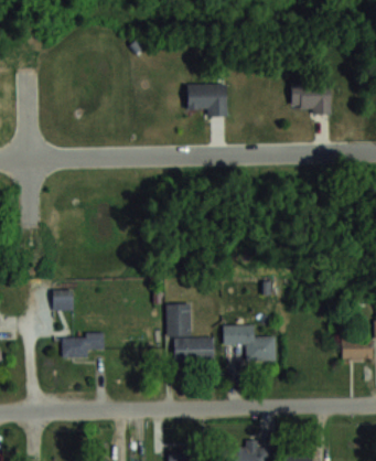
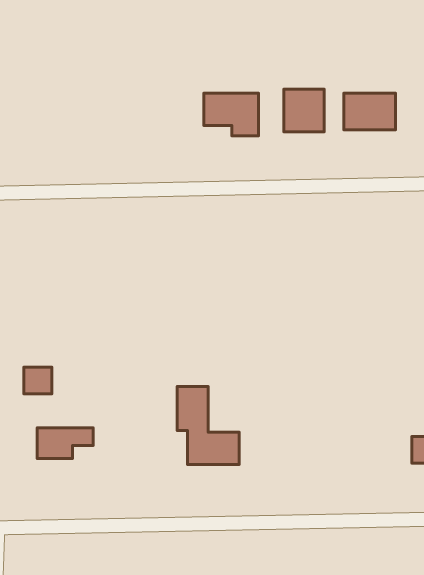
building: none -> [284,89,324,132]
building: [225,326,278,362] -> none

